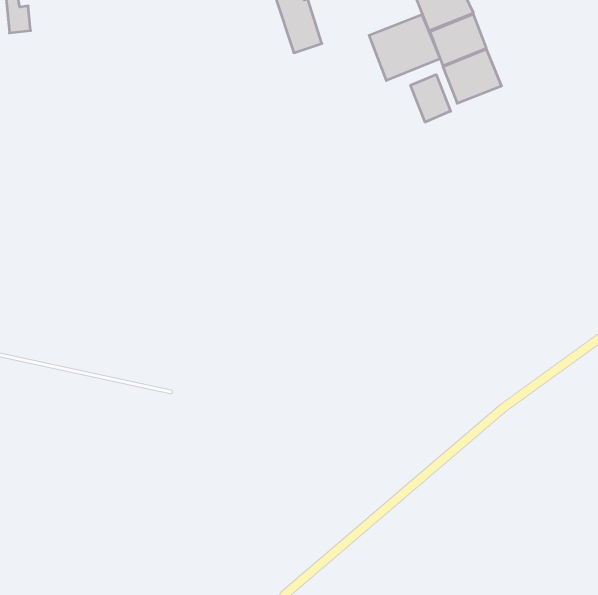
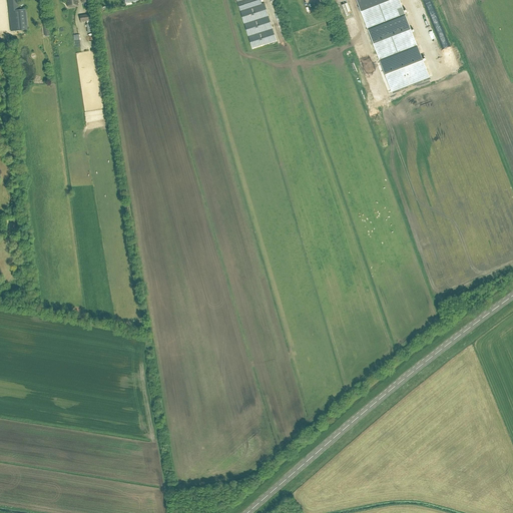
building: [369,14,440,81] -> none
building: [411,75,451,122] -> none

